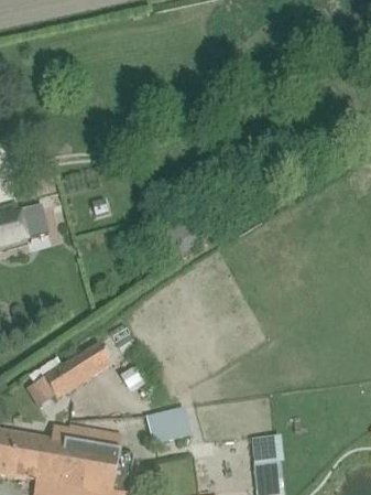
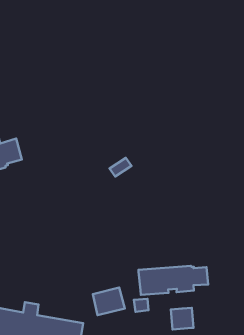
building: [41,341,110,398] -> none
building: none -> [138,266,208,295]

